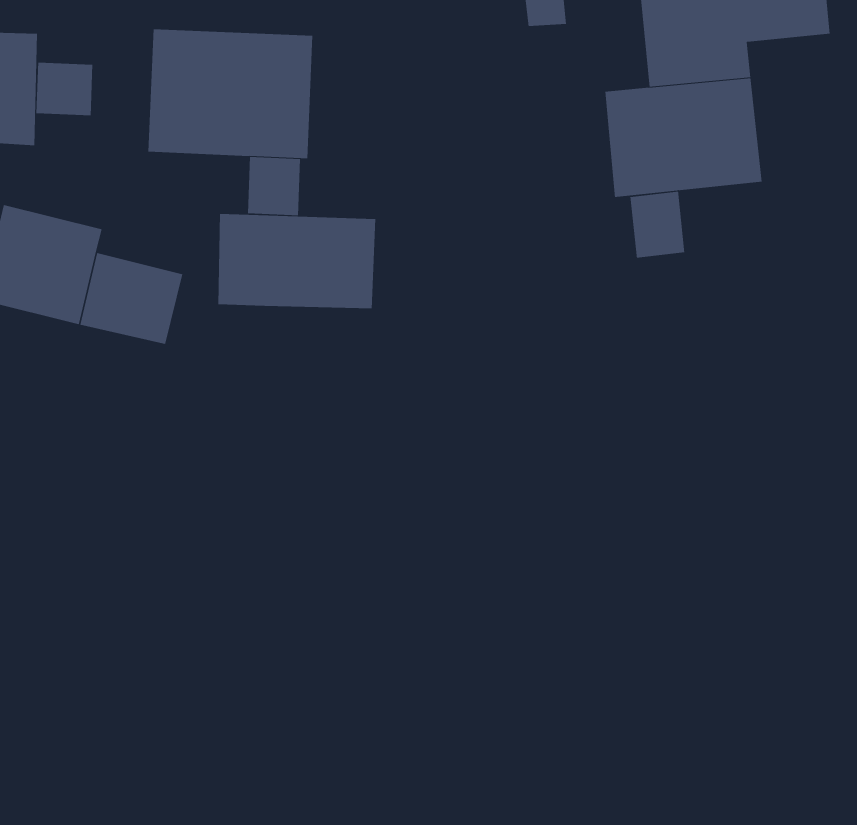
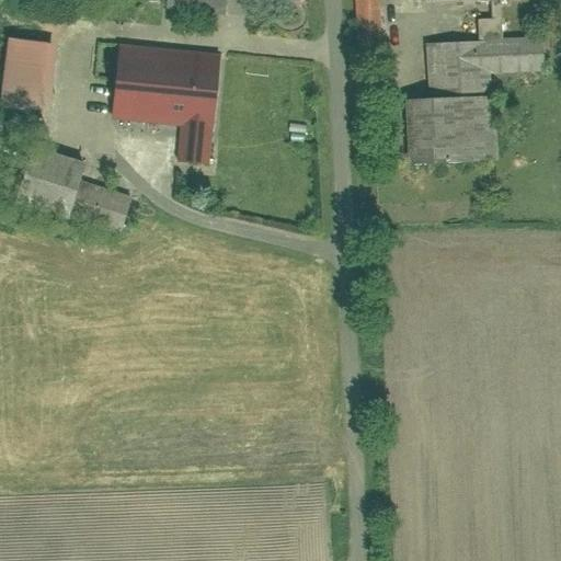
building: [36,62,93,116] -> none
building: [630,191,685,259] -> none
building: [218,213,376,309] -> none

